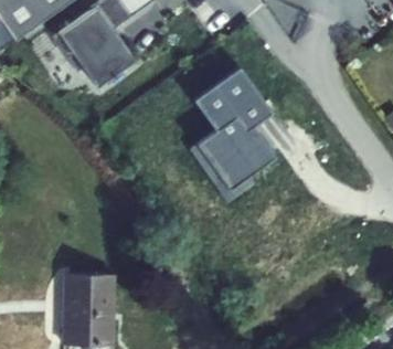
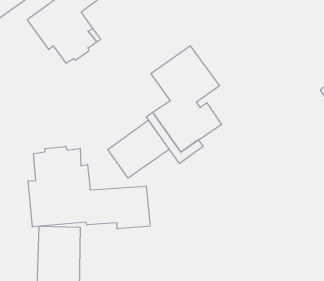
building: none -> [108,120,169,178]
building: none -> [28,146,150,229]

